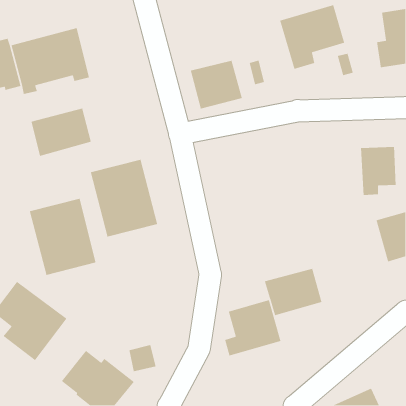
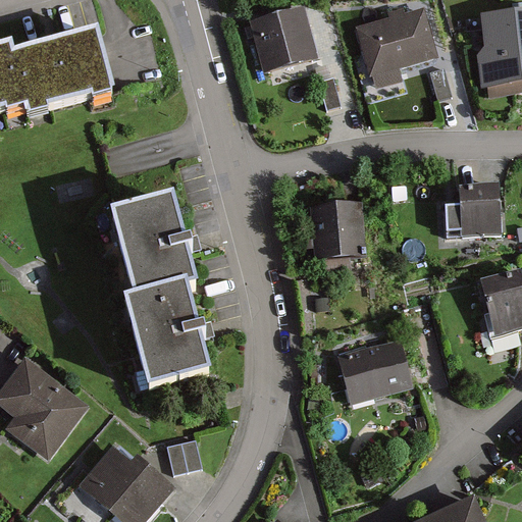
building: [190,60,243,110] -> [250,8,317,71]
building: [30,107,92,157] -> none
building: none -> [308,202,368,261]
building: [29,198,96,276] -> [125,291,211,389]
building: [224,299,281,356] -> none

